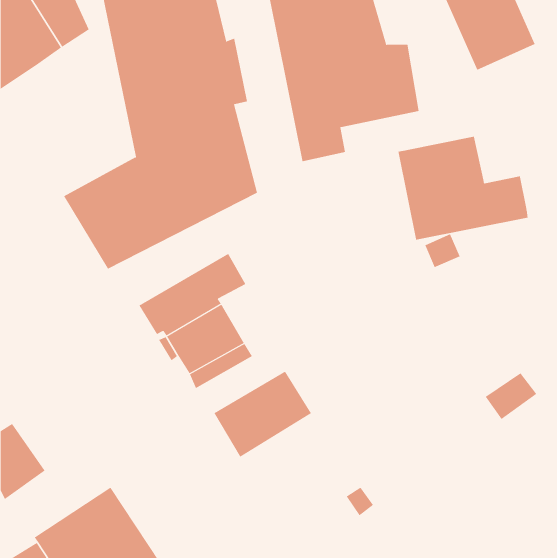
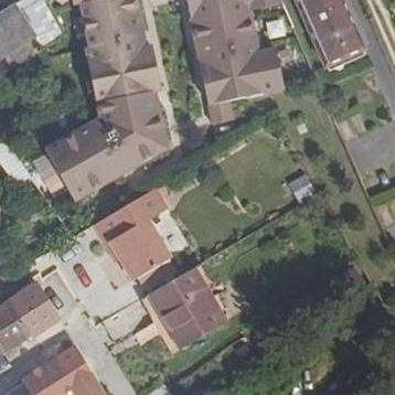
building: [398,136,528,241] -> none
building: none -> [9,284,56,333]
building: none -> [162,295,226,351]

